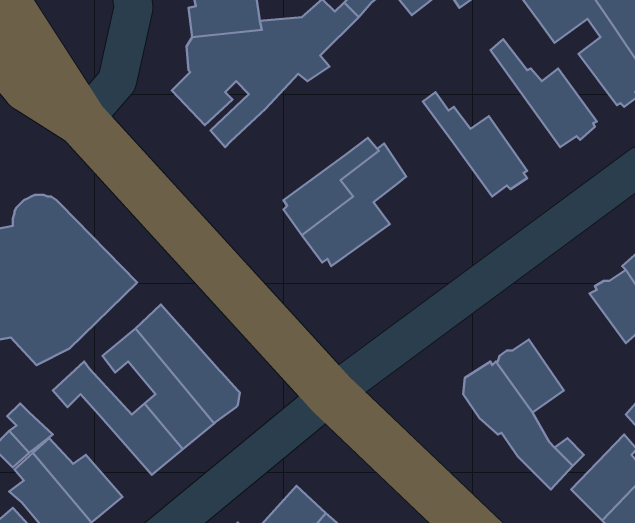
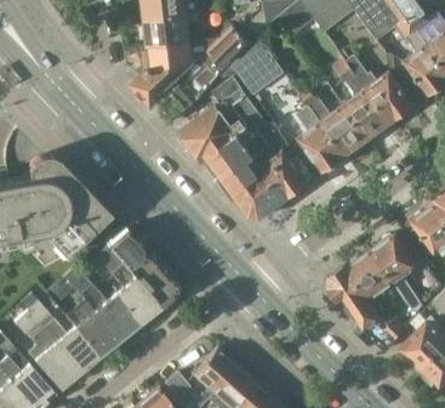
building: none -> [232,36,284,92]
building: none -> [332,55,390,138]
building: none -> [179,75,263,163]
building: none -> [296,92,346,172]
building: none -> [239,147,308,219]
building: none -> [370,233,422,311]
building: none -> [67,300,120,355]

